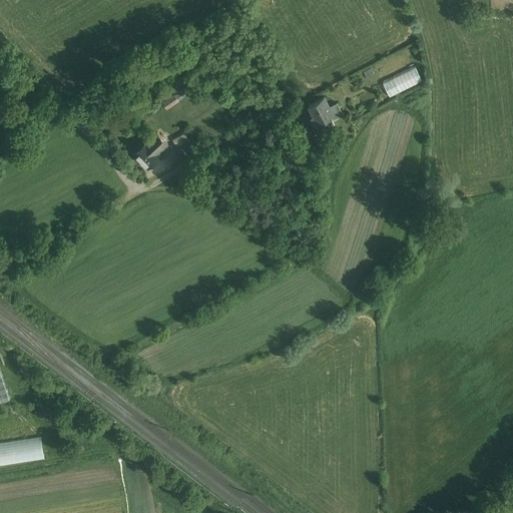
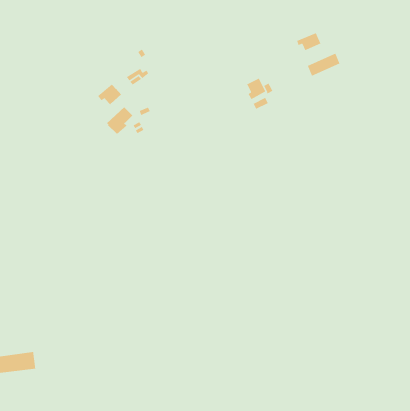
building: none -> [296,32,322,51]
building: none -> [97,83,122,105]

